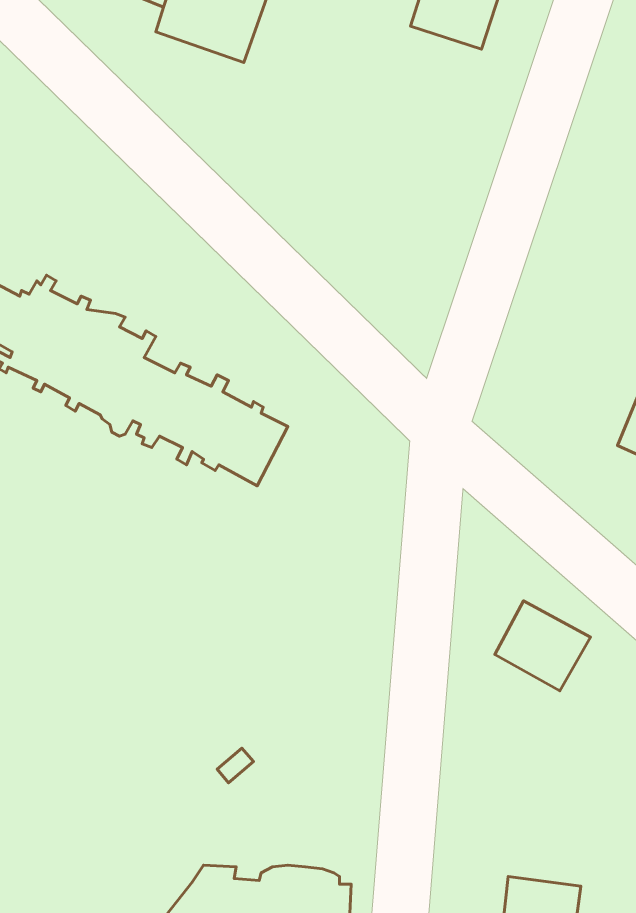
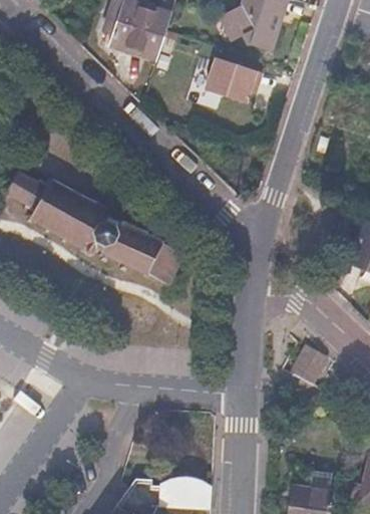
building: none -> [203,57,260,104]

